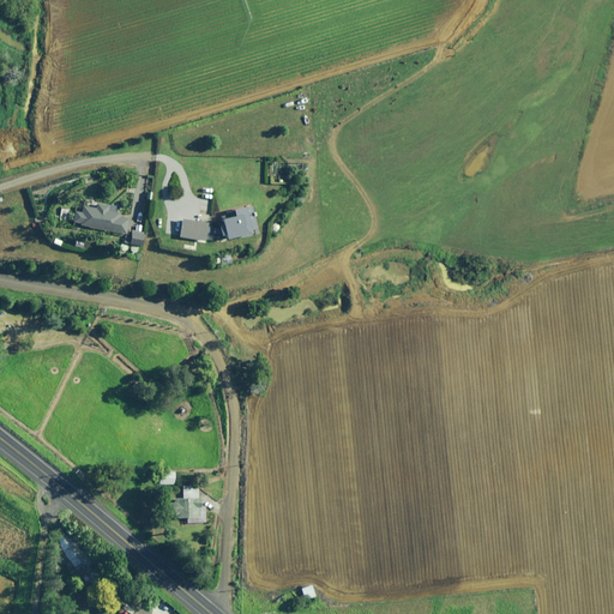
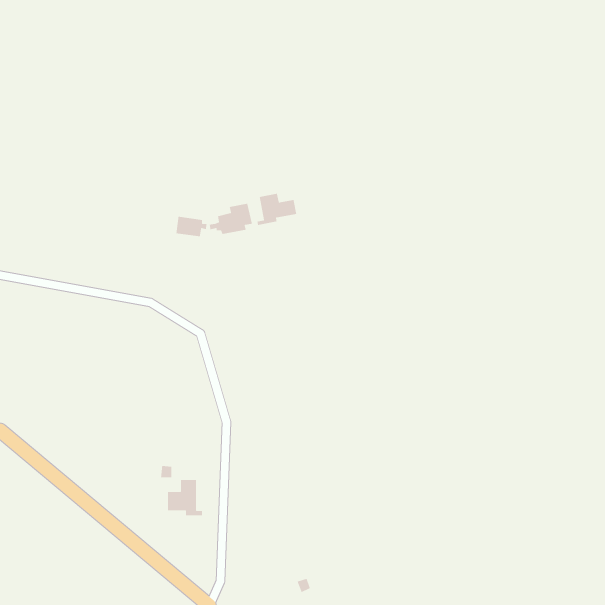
building: none -> [256,193,297,226]
building: [72,203,144,251] -> none

